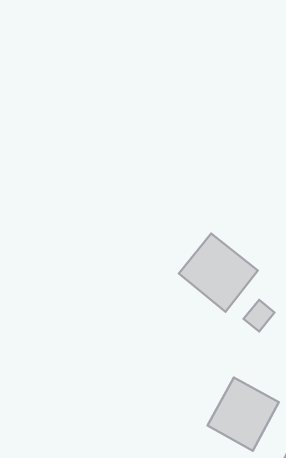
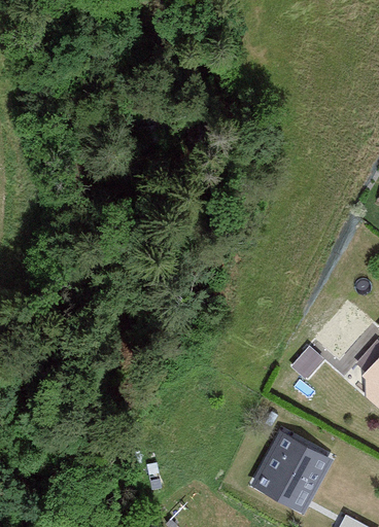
building: [179,233,258,312] -> none

